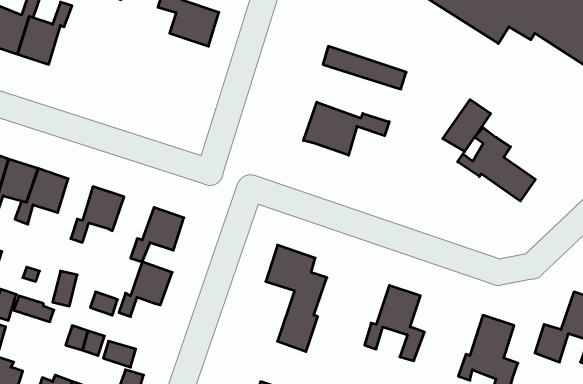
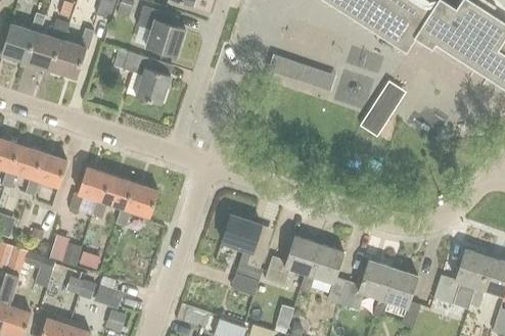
building: none -> [51,29,94,77]
building: none -> [114,46,170,103]
building: [303,102,389,155] -> none
building: [458,127,535,201] -> none
building: [119,262,172,317] -> [92,174,134,217]
building: none -> [265,235,319,285]
building: none -> [338,258,393,309]

